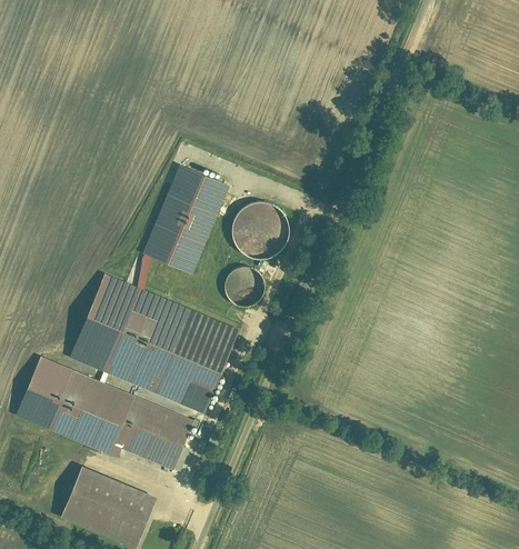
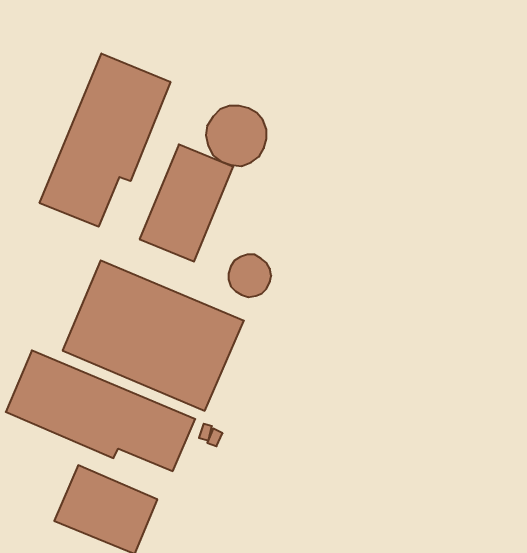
building: none -> [40,53,170,227]
building: [232,201,289,258] -> [206,106,266,166]

